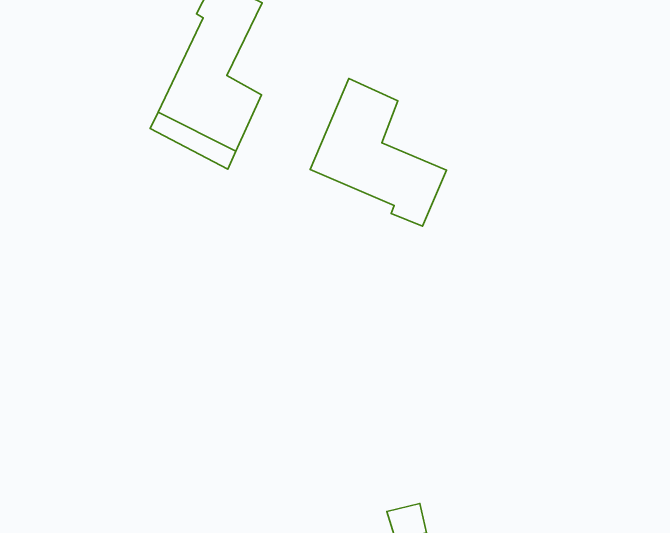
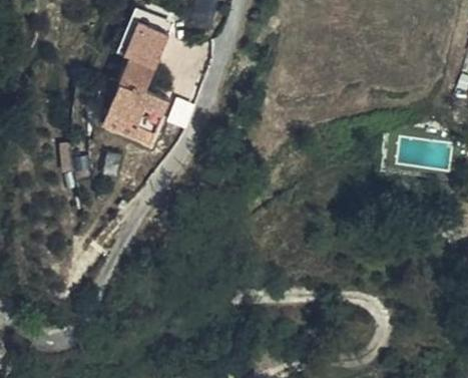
building: [310,78,447,226] -> none

